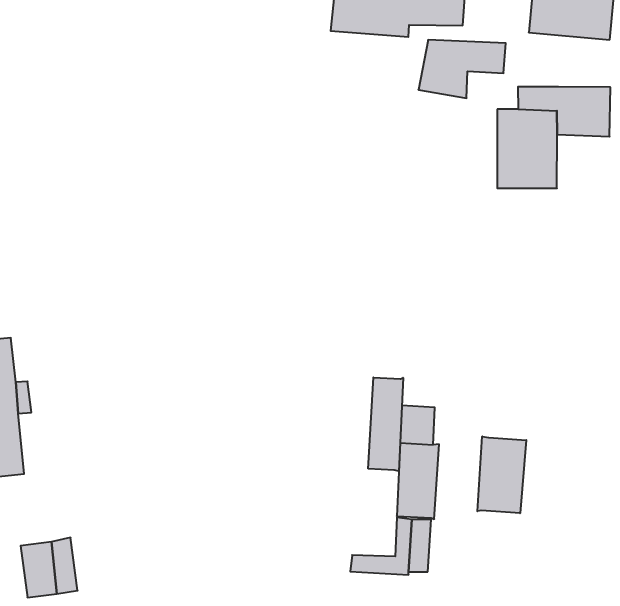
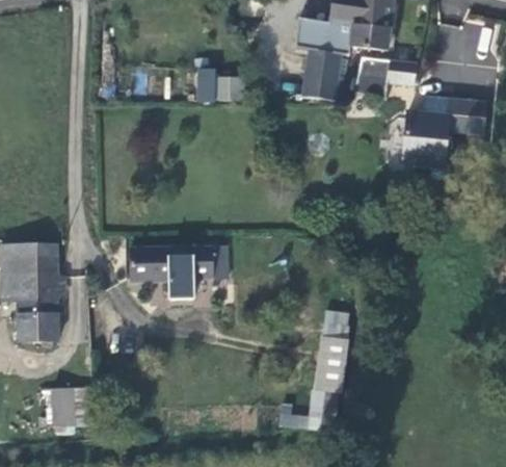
building: none -> [301,54,349,101]
building: none -> [198,77,243,100]
building: none -> [129,245,227,281]
building: [368,377,403,471] -> none
building: [477,436,526,513] -> none

